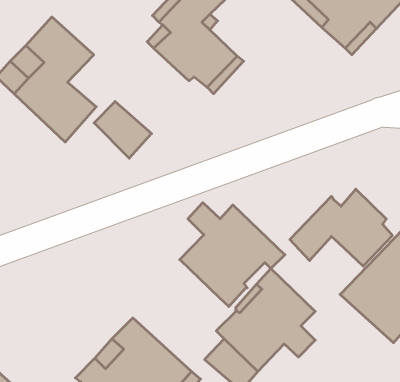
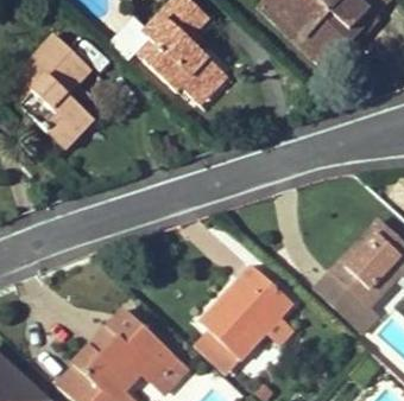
building: [94,101,152,158] -> none
building: [290,189,392,266] -> none
building: [180,203,285,307] -> none

